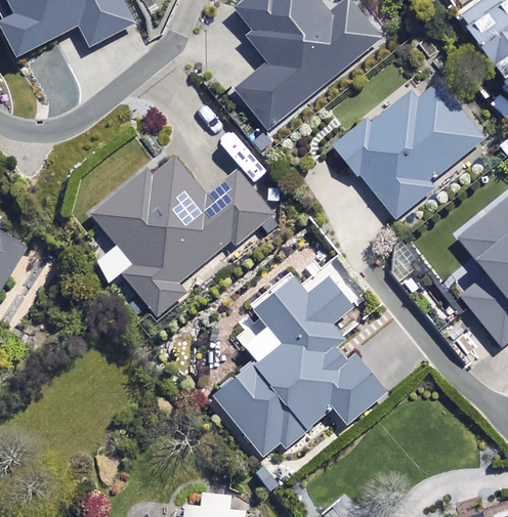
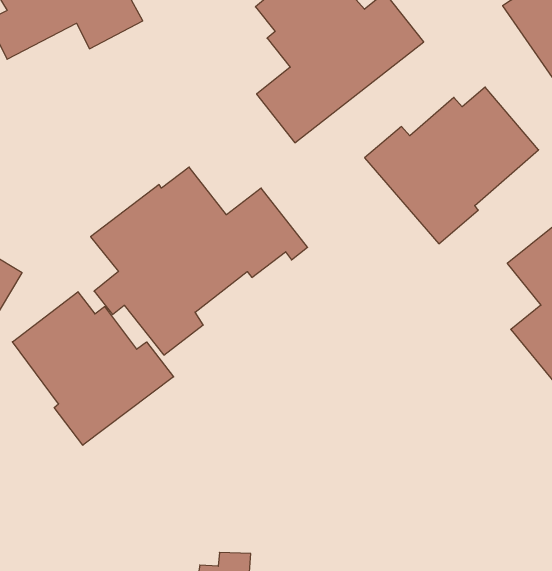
building: none -> [12,292,174,445]
building: [211,275,387,461] -> none

